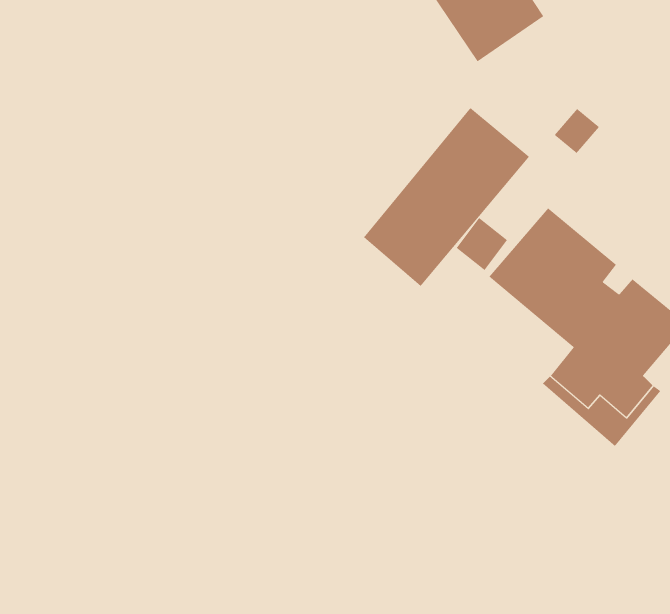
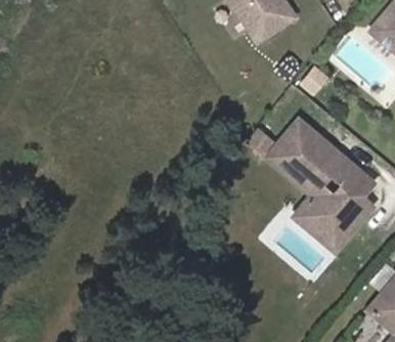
building: [363,107,530,287] -> none

